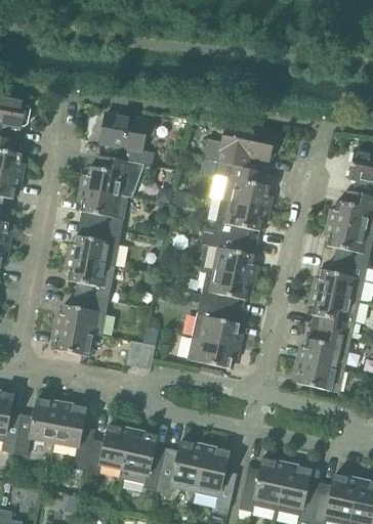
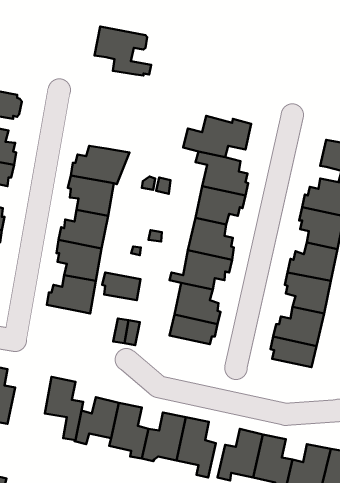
building: [99,112,160,164] -> [94,27,151,76]
building: [52,325,93,355] -> [102,272,141,300]
building: [13,398,60,454] -> none

